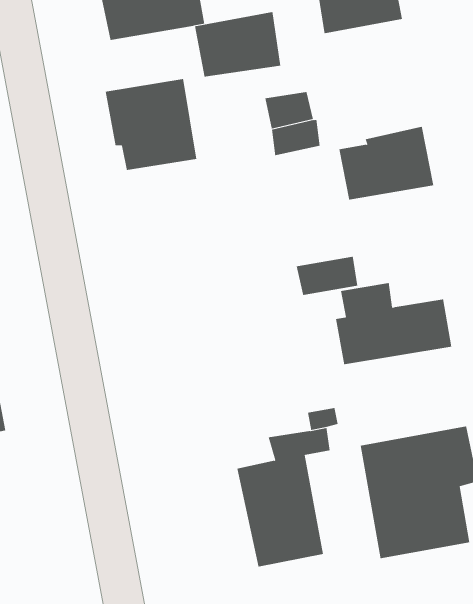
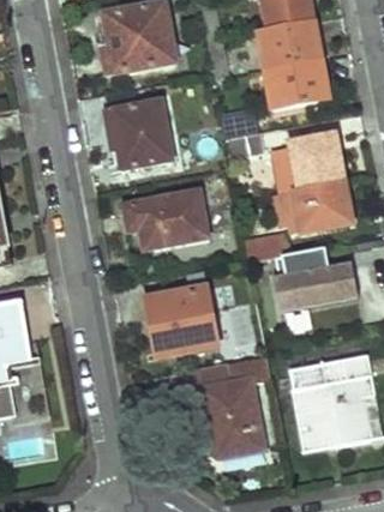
building: [194,11,281,77] -> [264,58,328,106]
building: none -> [276,179,352,229]
building: none -> [122,191,206,243]
building: none -> [146,287,218,356]

